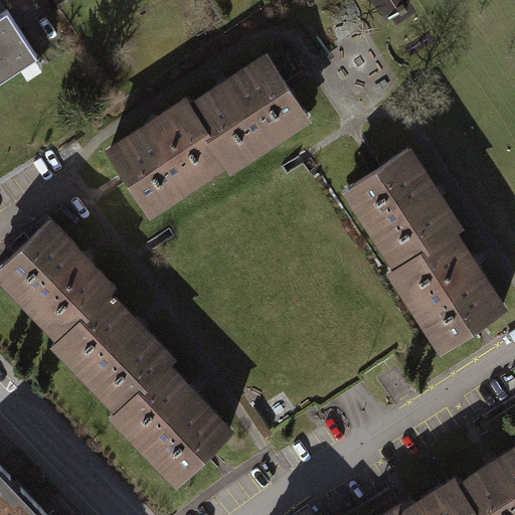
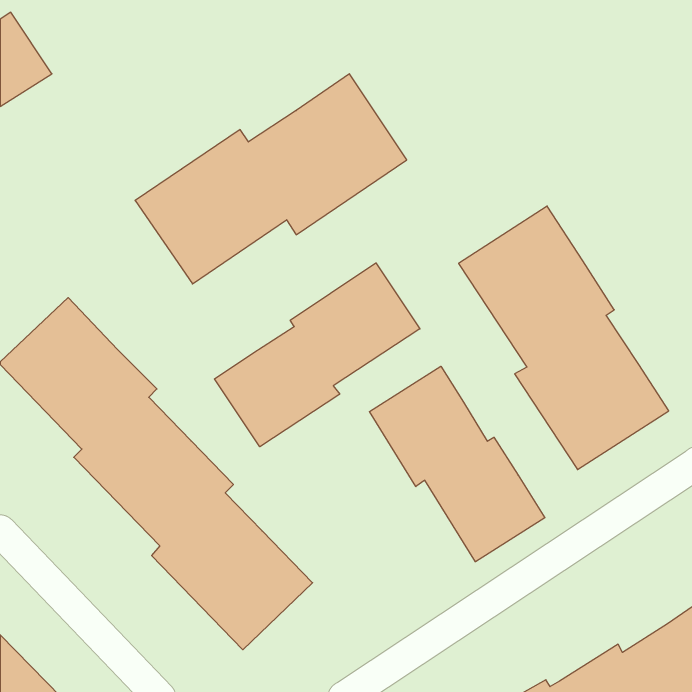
building: none -> [214,263,420,447]
building: none -> [369,366,545,562]

